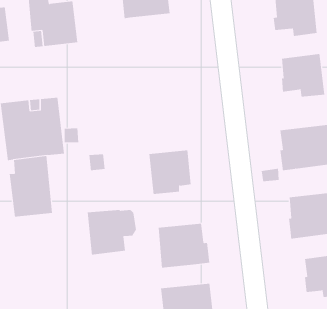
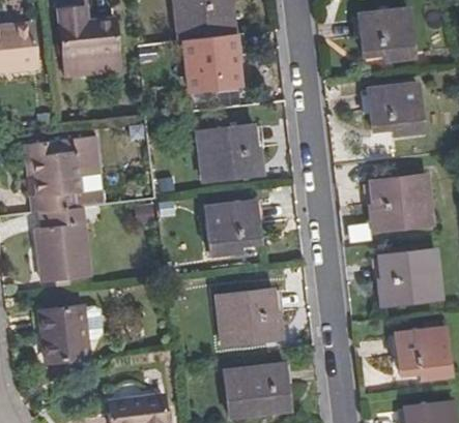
building: none -> [184,33,237,91]
building: none -> [198,124,263,178]
building: [87,210,137,255] -> [40,307,102,363]

